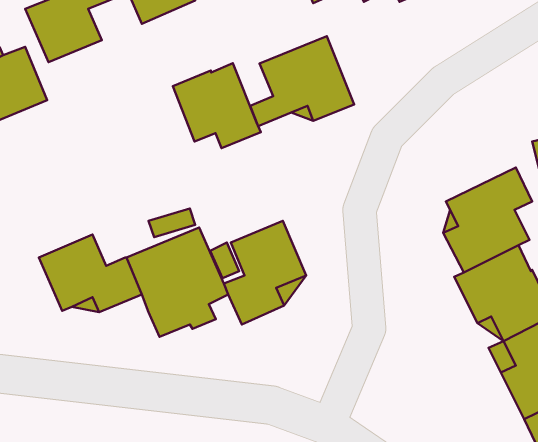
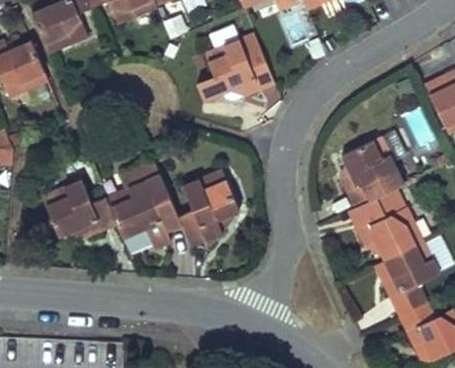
building: [173,63,261,148] -> none

